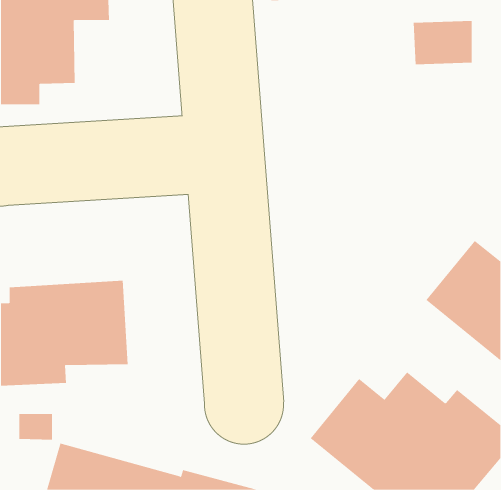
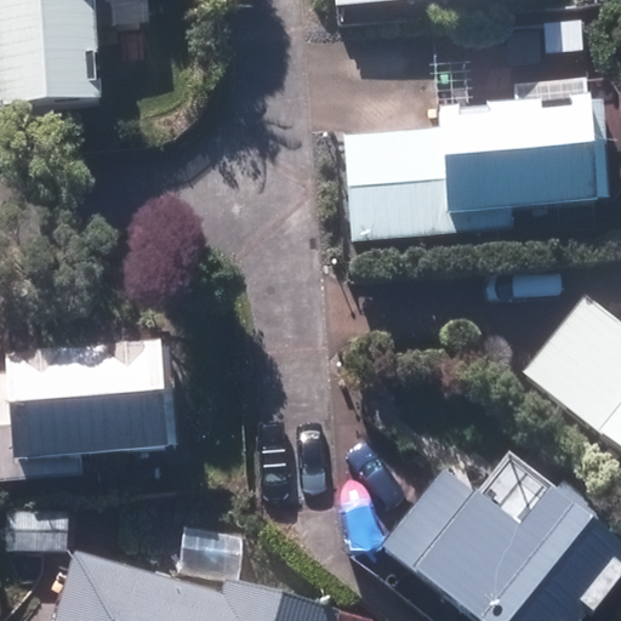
building: none -> [343,99,594,240]

